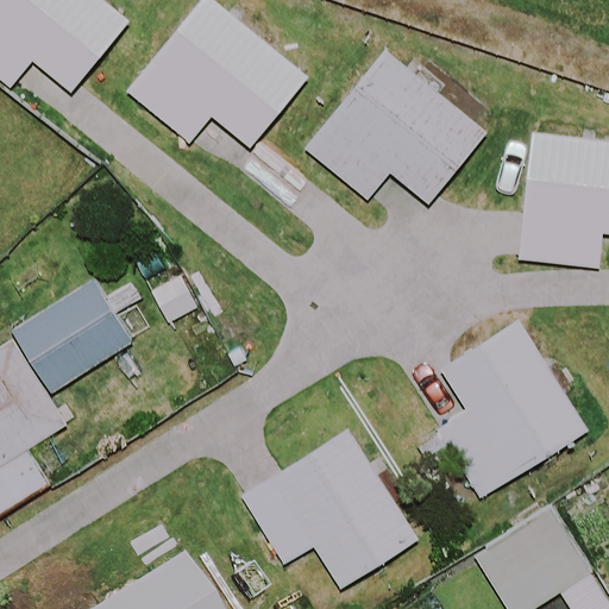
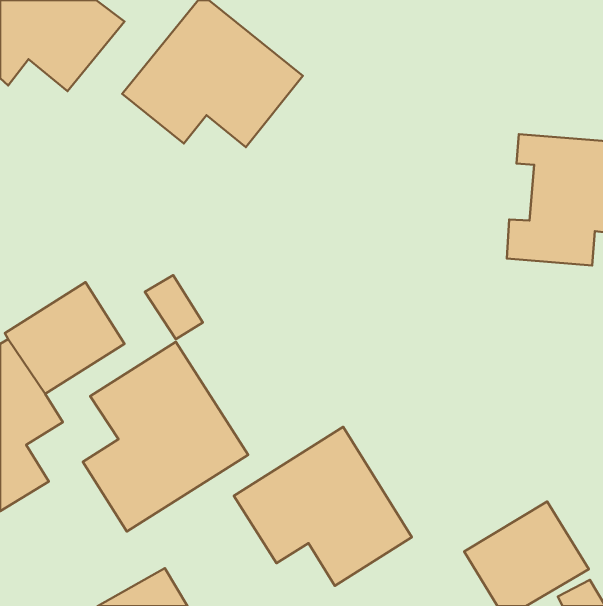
building: [304,52,484,203] -> none
building: [438,321,588,497] -> none
building: none -> [83,342,248,532]

